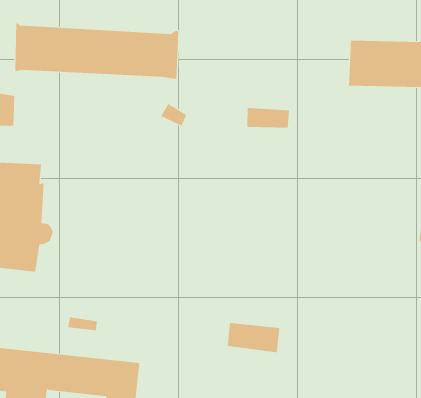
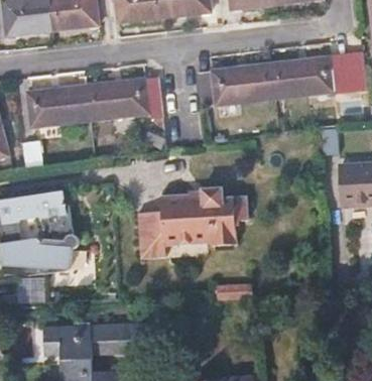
building: none -> [197,66,274,109]
building: none -> [135,186,248,258]

